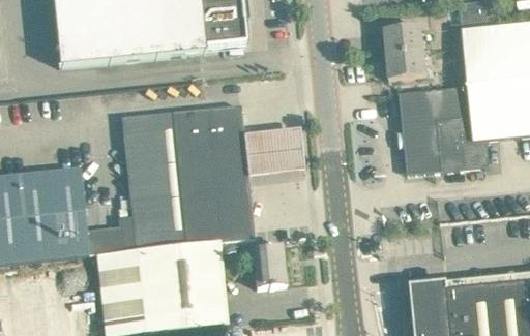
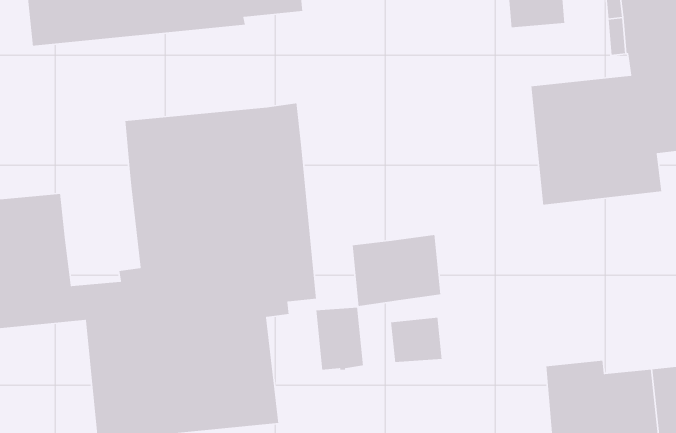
building: [386,50,426,79] -> none
building: [243,125,304,175] -> [352,234,441,307]
building: none -> [390,317,443,363]

